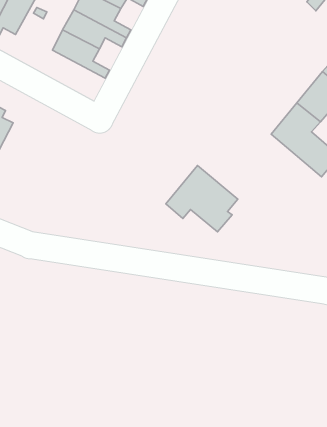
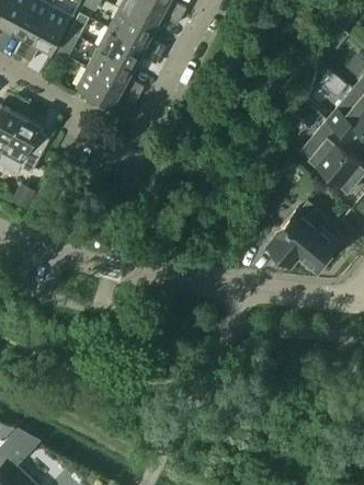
building: none -> [76,68,138,107]
building: [166,166,238,232] -> [265,209,335,274]

